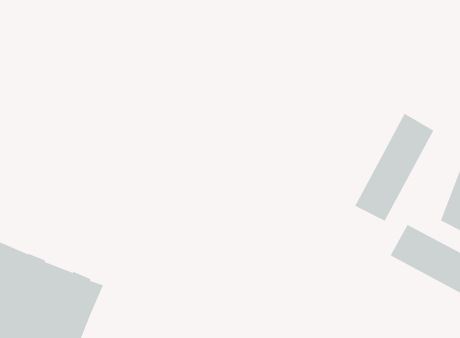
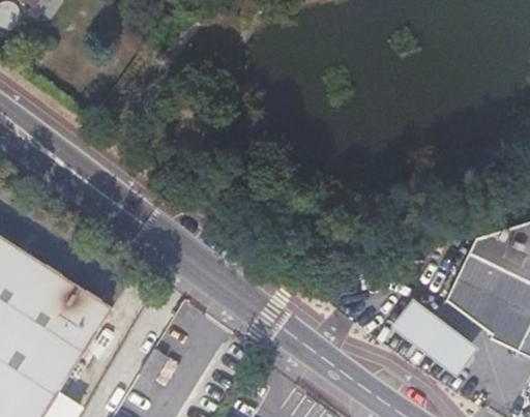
building: [355,113,434,221] -> none

